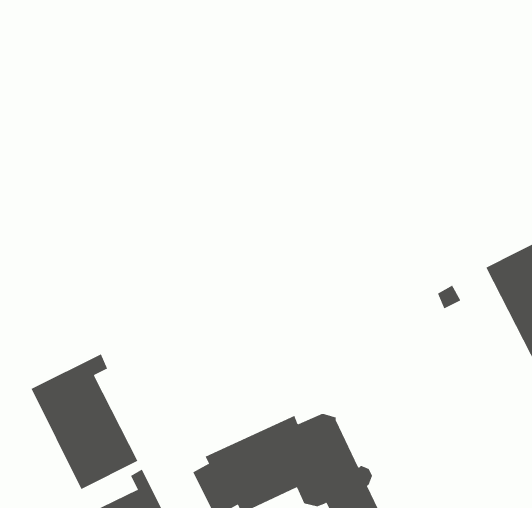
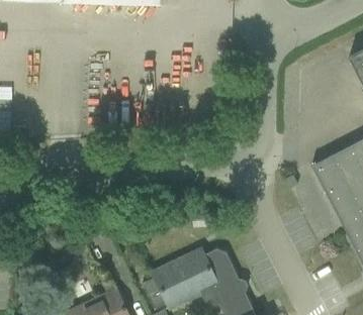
building: [31,353,138,490] -> none

